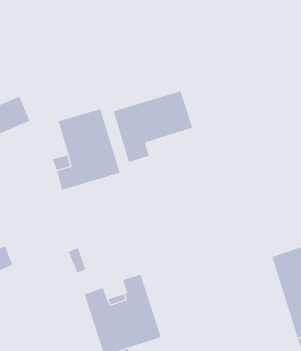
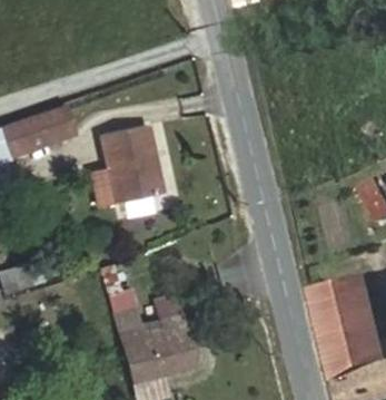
building: [113,90,193,163] -> none

